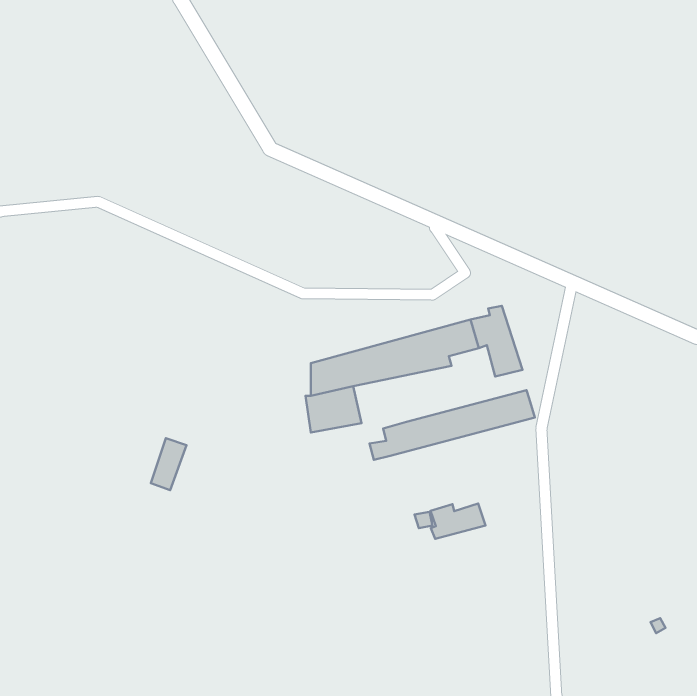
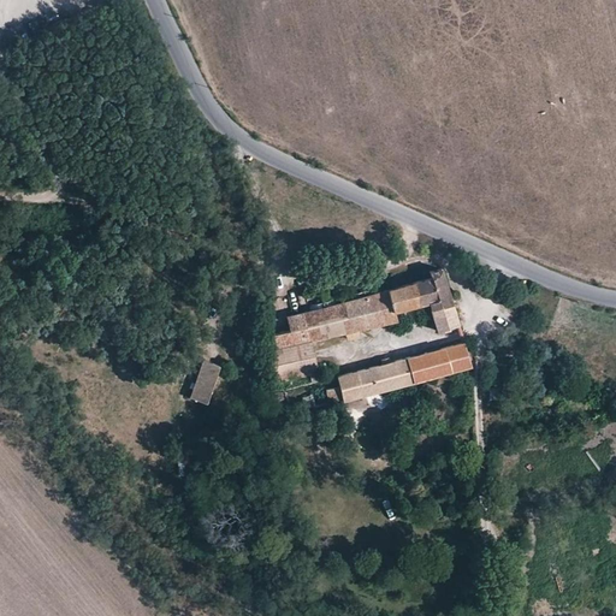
building: [151,438,186,490] -> [191,360,223,405]
building: [430,503,485,539] -> none

